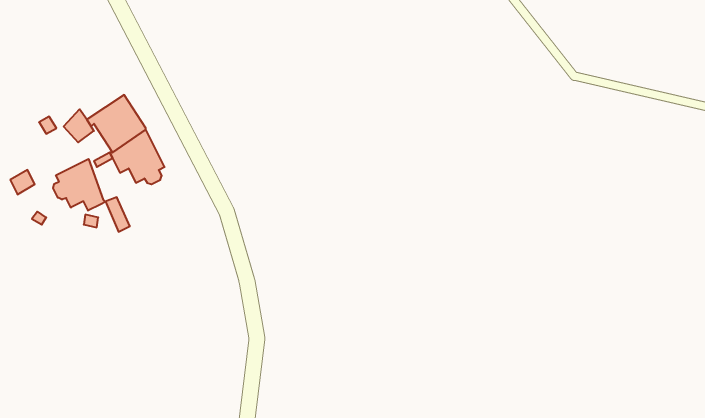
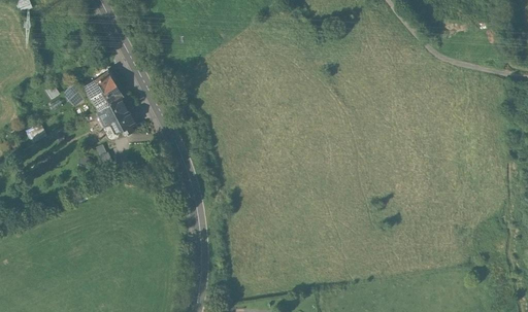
building: [53,159,106,211] -> none

